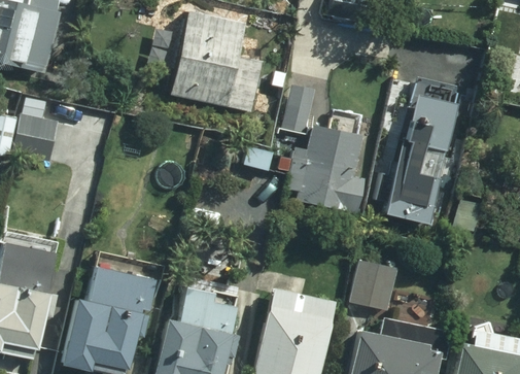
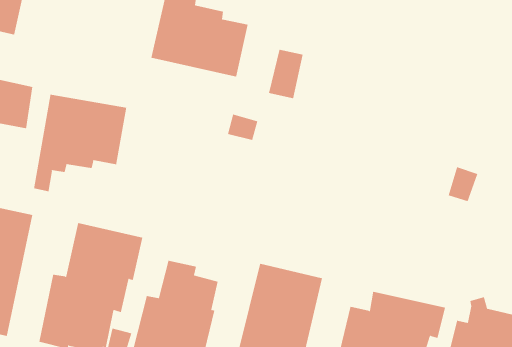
building: [376,78,461,224] -> none
building: [290,125,365,214] -> none
building: none -> [34,94,127,192]
building: [350,260,396,310] -> none

